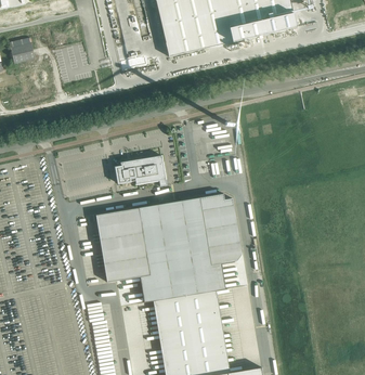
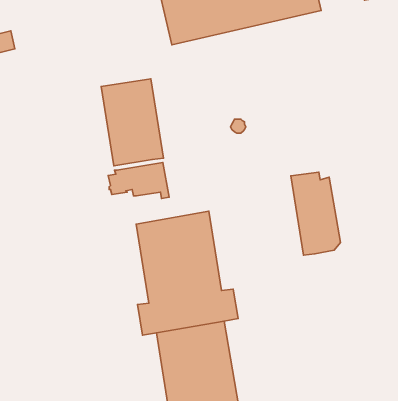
building: [200,194,243,264] -> [291,172,341,255]
building: [96,208,149,282] -> [101,79,164,166]

